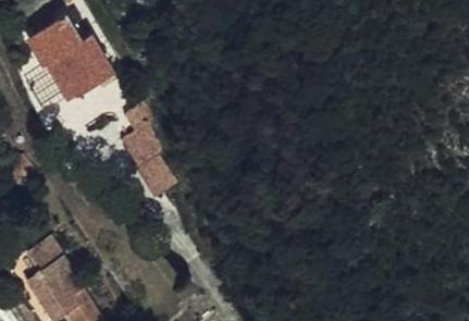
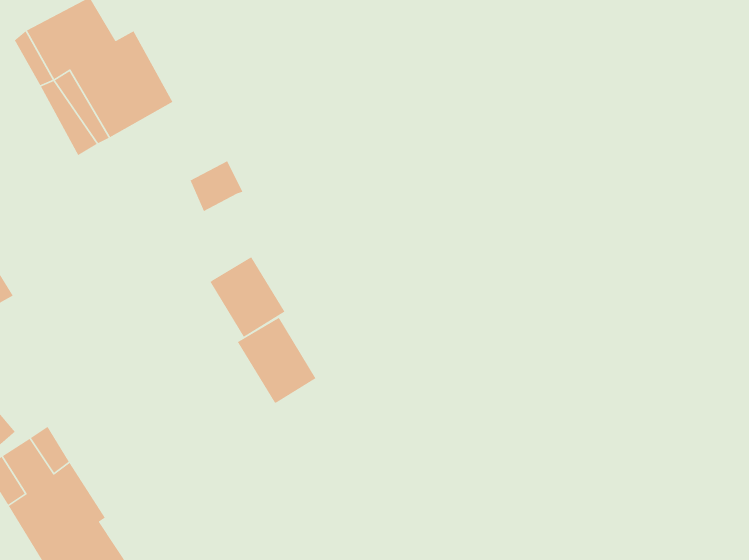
building: [122,119,162,165] -> none
building: none -> [237,317,317,404]

